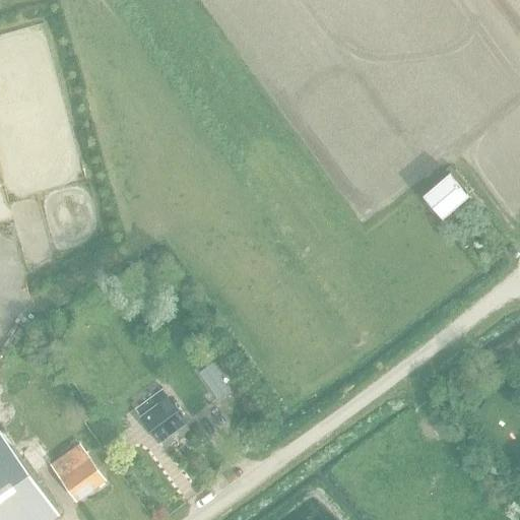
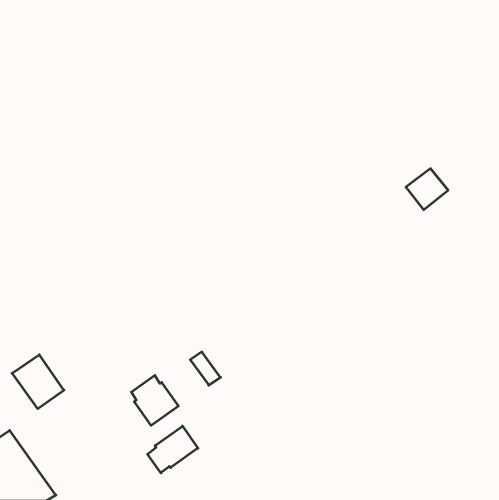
building: none -> [148,426,198,473]
building: [49,445,103,501] -> [12,355,64,409]

